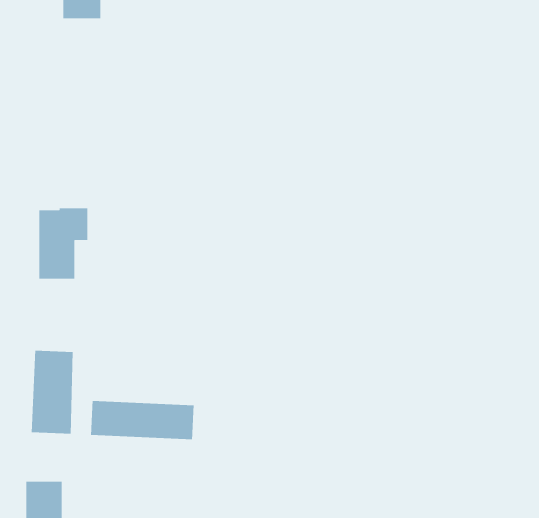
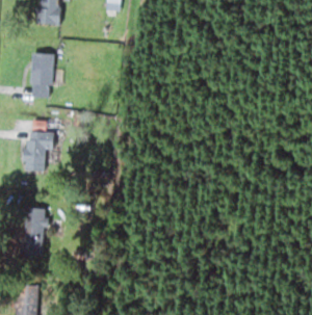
building: none -> [32,53,52,98]
building: [90,400,195,440] -> none

